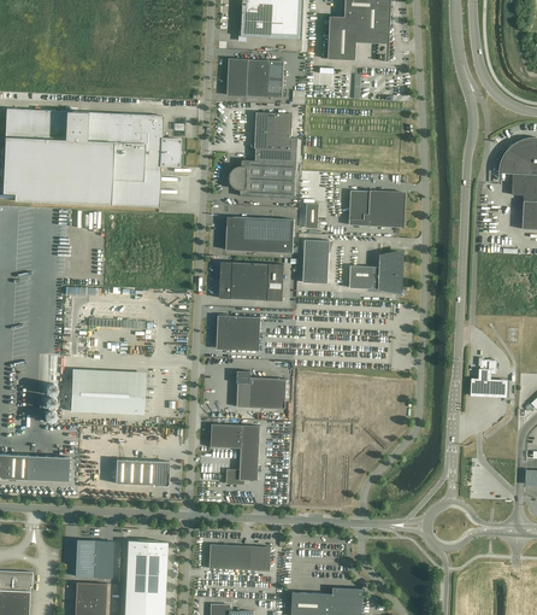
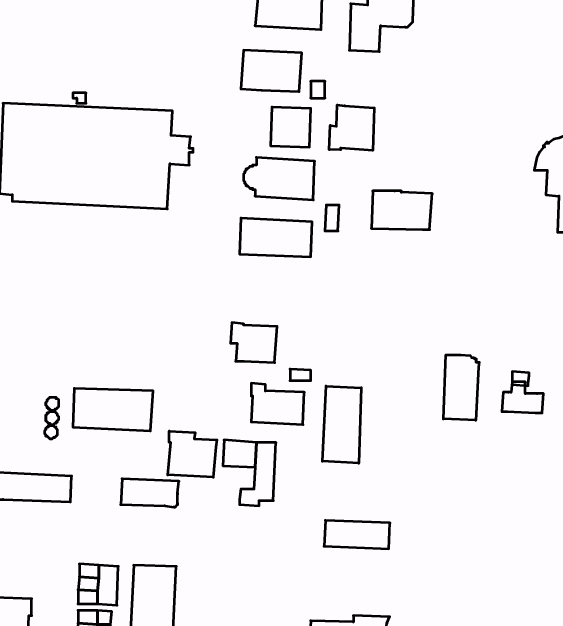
building: none -> [329,105,374,150]
building: [302,240,329,283] -> none
building: [348,252,400,289] -> none
building: [218,262,283,300] -> none
building: none -> [443,355,479,420]
building: none -> [322,386,361,463]
building: none -> [168,431,217,477]
building: [208,544,270,570] -> [324,520,390,549]

